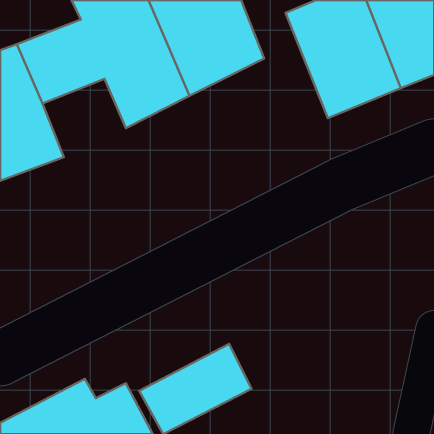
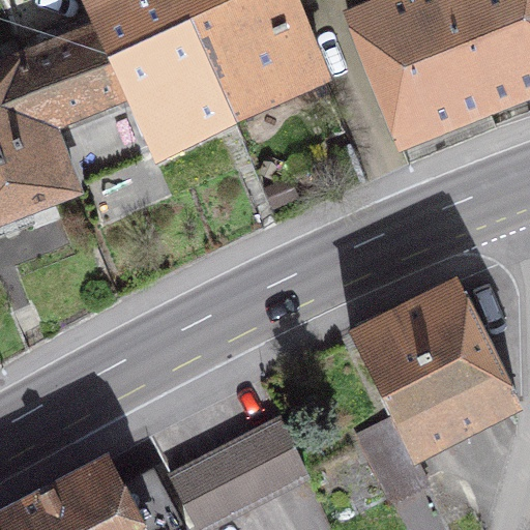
building: none -> [350,281,518,497]

